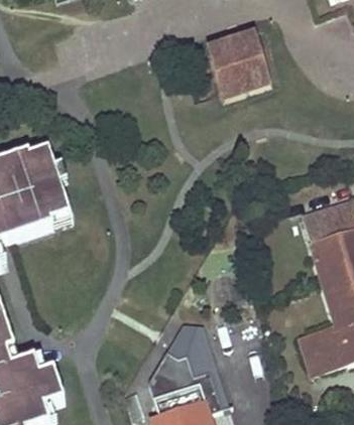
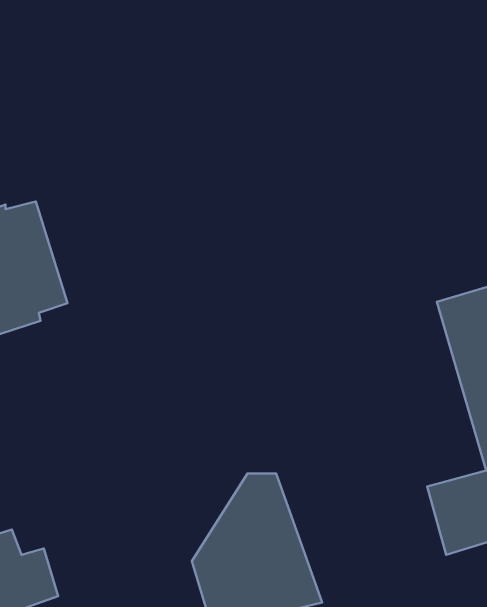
building: [207,28,272,101] -> none

